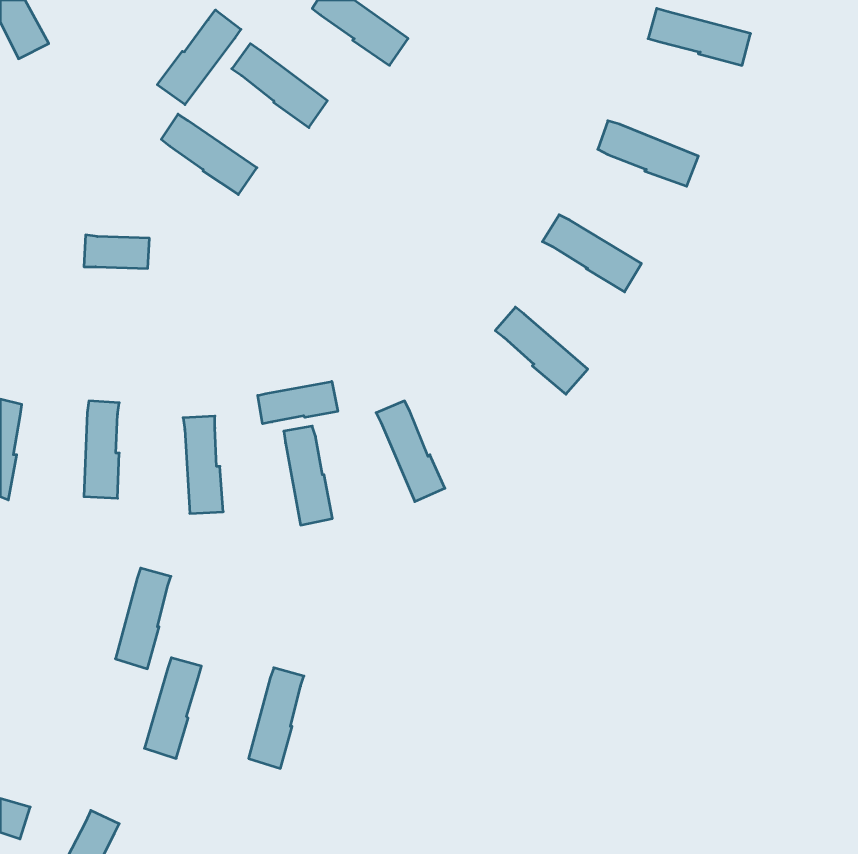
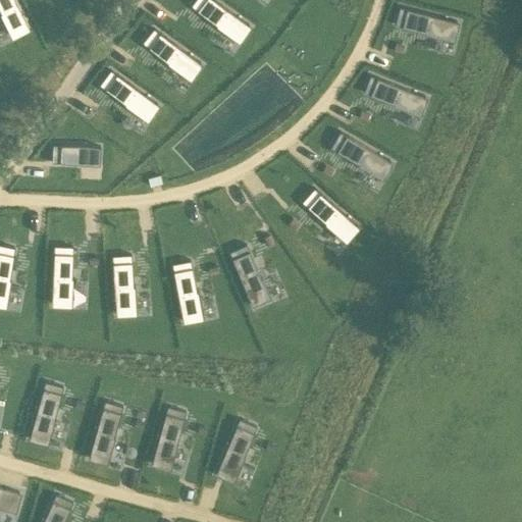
building: [157,10,241,105] -> none
building: [258,381,338,424] -> none
building: [115,568,171,669] -> [29,382,62,443]
building: none -> [215,419,256,480]

